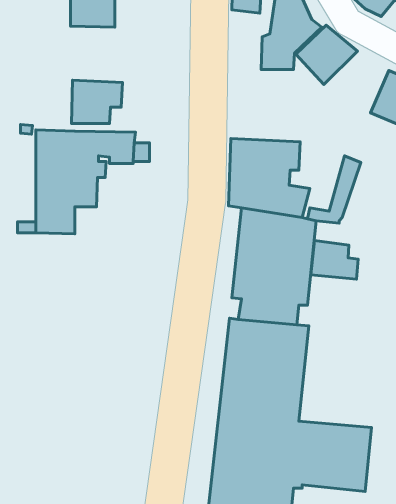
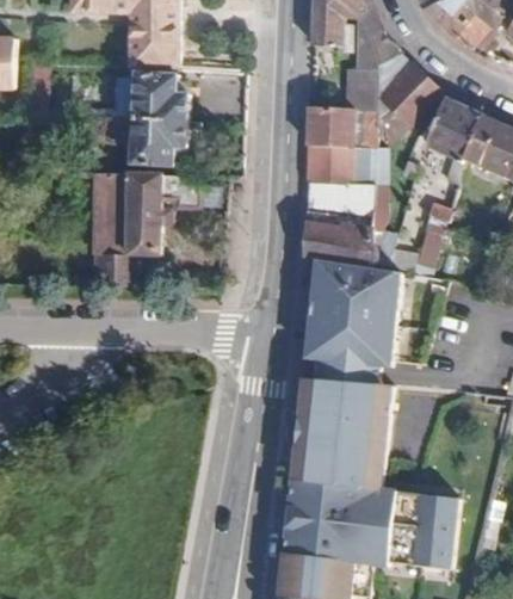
building: none -> [117,76,186,122]
building: none -> [420,91,478,155]
building: none -> [305,110,383,187]
building: [311,241,358,279] -> none

